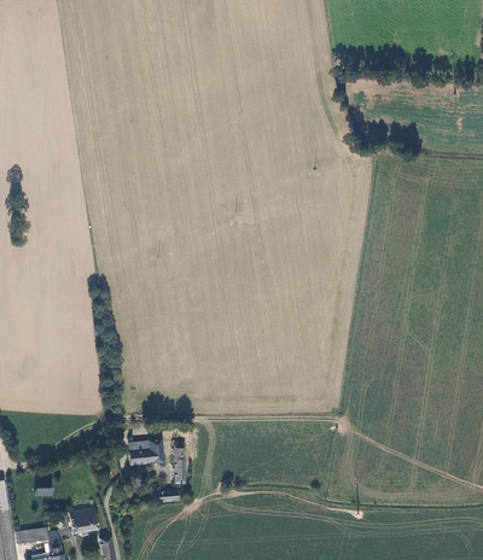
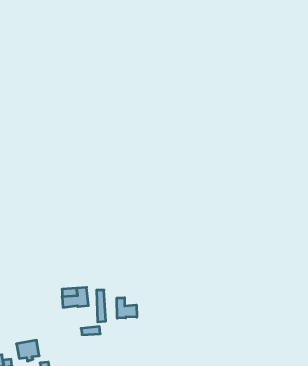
building: none -> [117,298,137,318]

